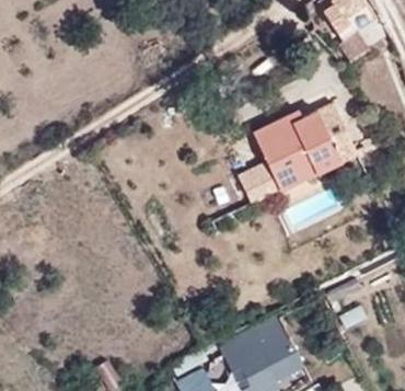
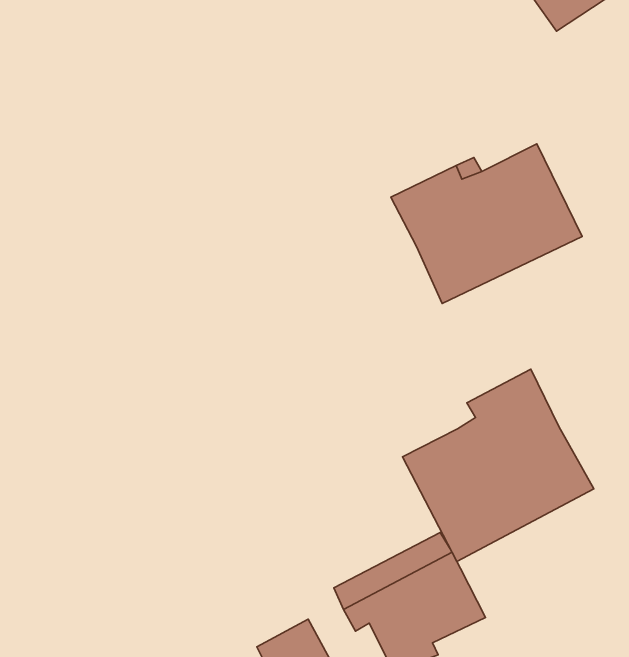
building: [238,160,280,204] -> none
building: none -> [403,369,594,562]

